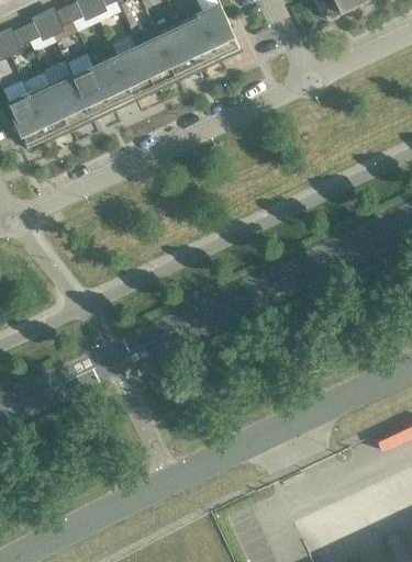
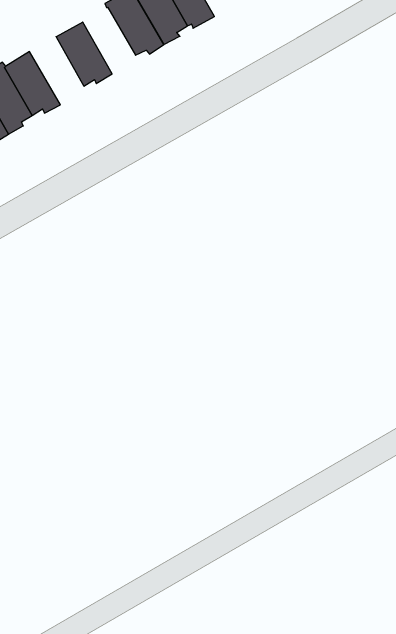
building: [135,31,175,83] -> none
building: [91,50,132,104] -> none

